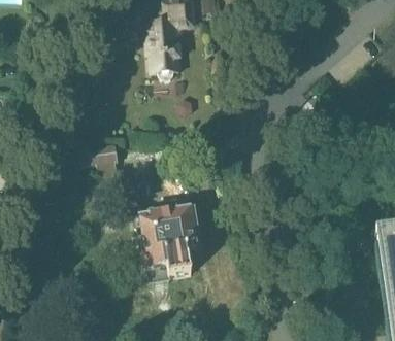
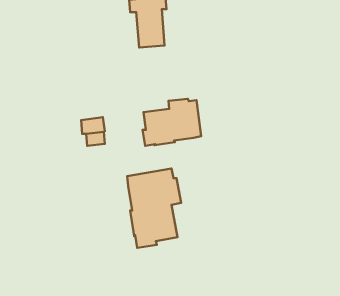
building: none -> [143,99,201,146]

